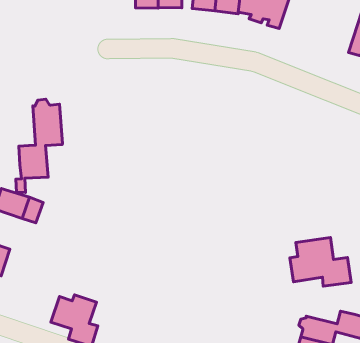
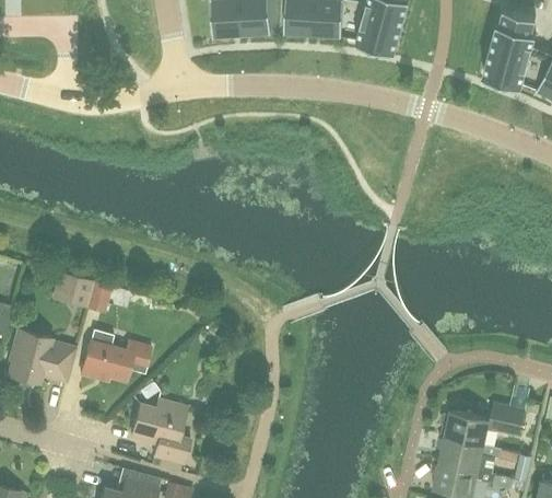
building: [16,99,62,192] -> none
building: none -> [79,331,150,382]
building: [290,237,351,286] -> none

